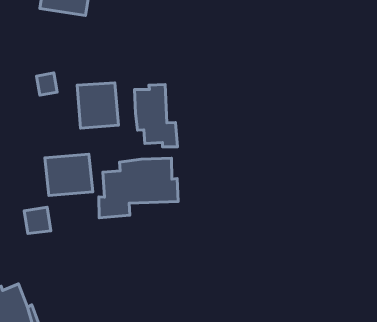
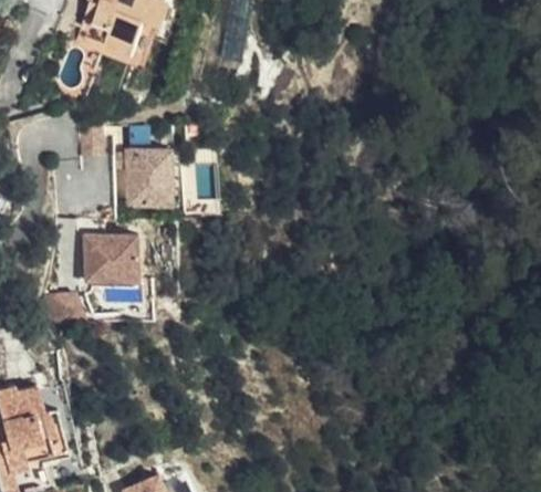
building: [134,84,177,147] -> none
building: [99,158,178,218] -> none

